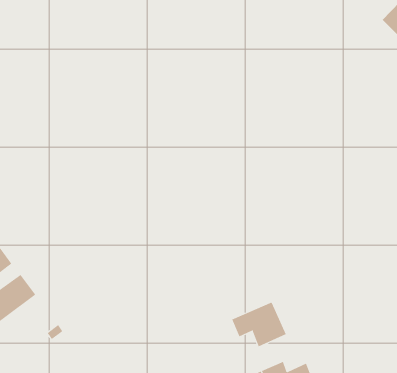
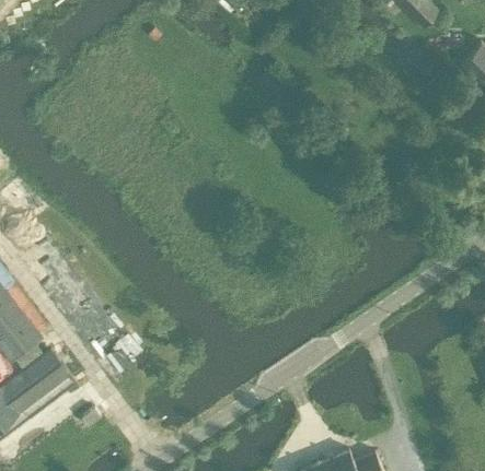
building: [231,301,286,347] -> none

